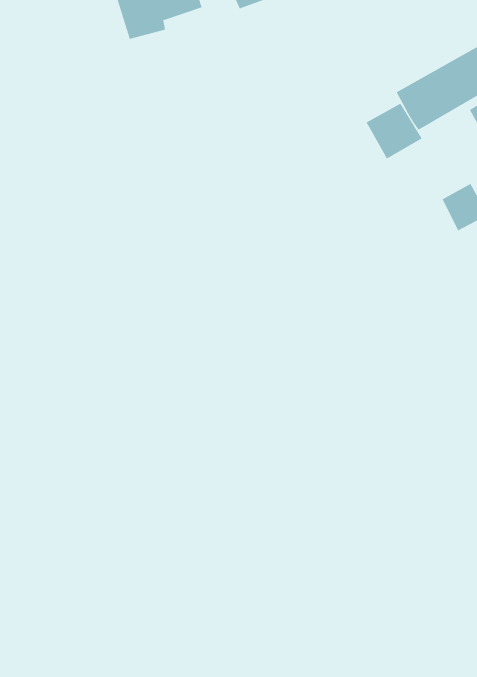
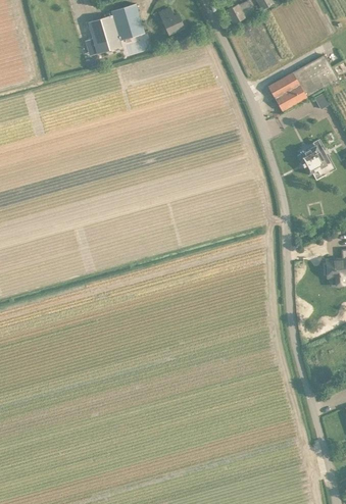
building: [366,103,422,160] -> none

